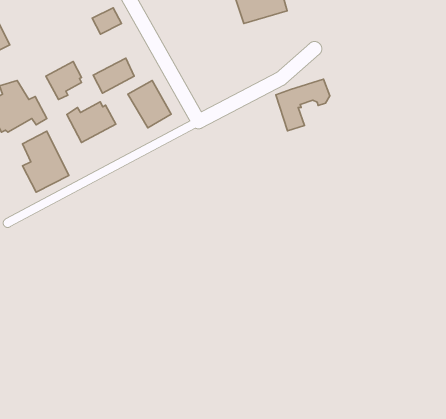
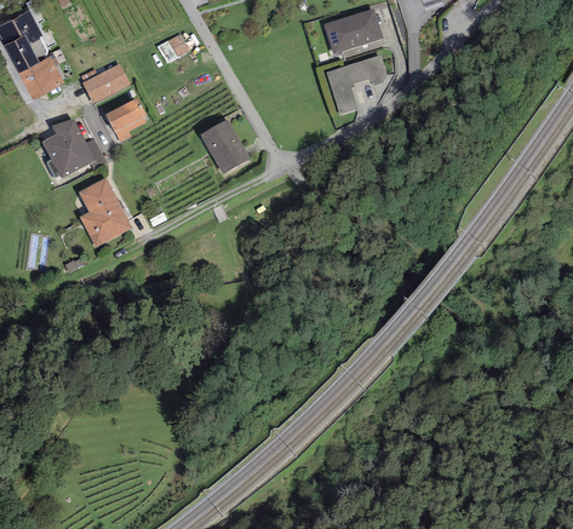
building: [93,58,134,93] -> [82,63,130,103]
building: [276,79,330,131] -> [326,54,388,114]
building: [67,102,116,142] -> none

